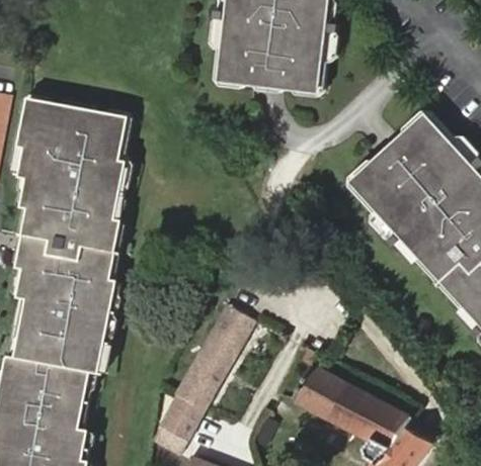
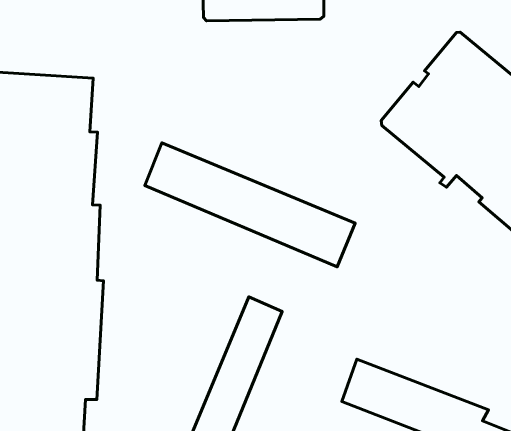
building: none -> [145,143,355,267]

